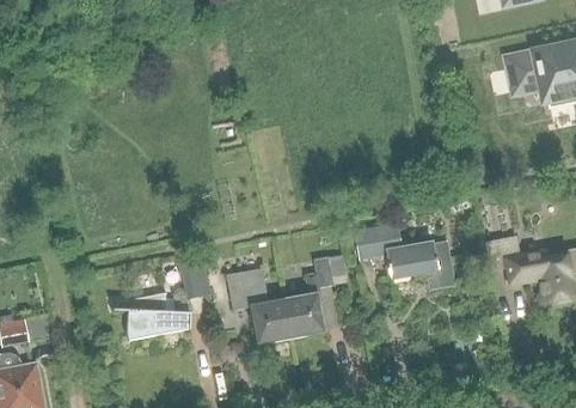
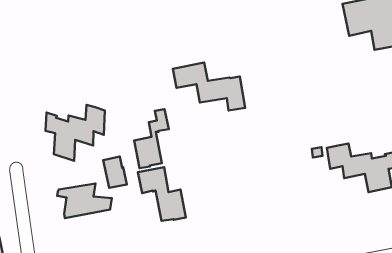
building: none -> [46,105,105,161]
building: [354,224,453,290] -> [173,63,245,110]
building: [284,257,332,339] -> [134,109,169,168]

